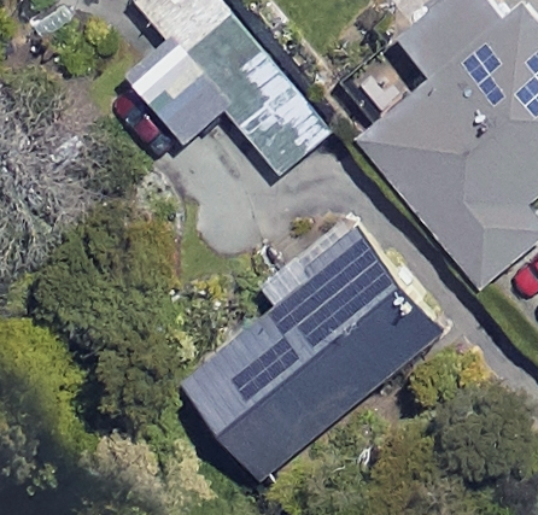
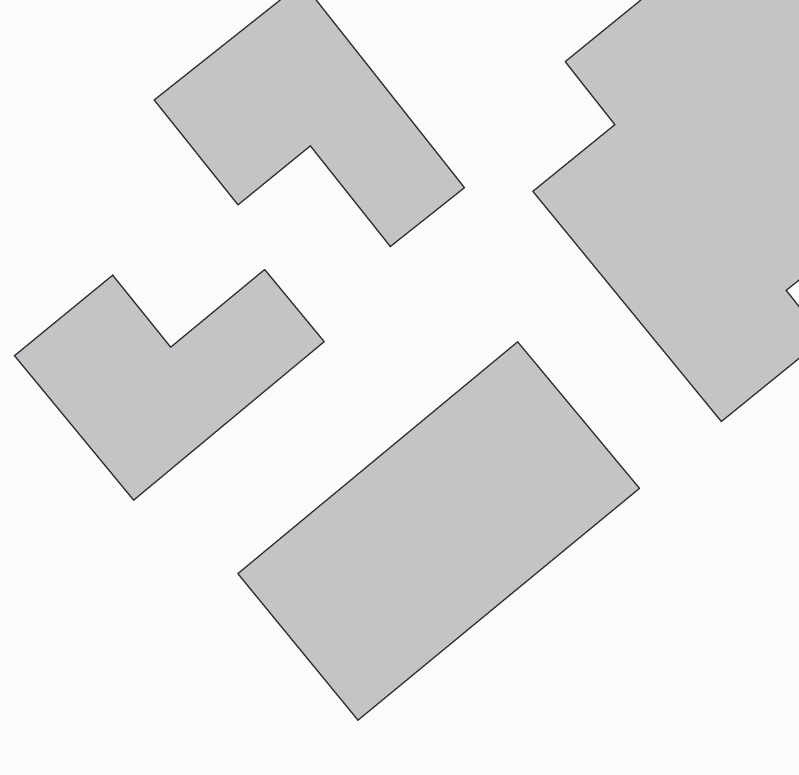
building: none -> [14,270,324,500]

